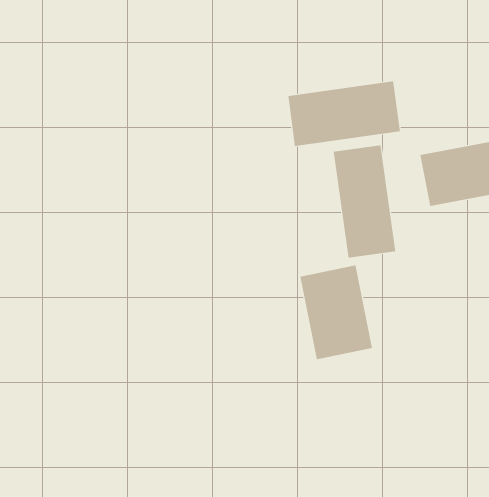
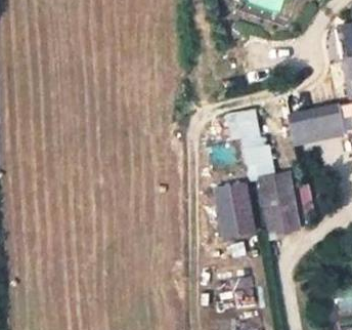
building: [288,81,400,147] -> none
building: none -> [260,173,305,238]

